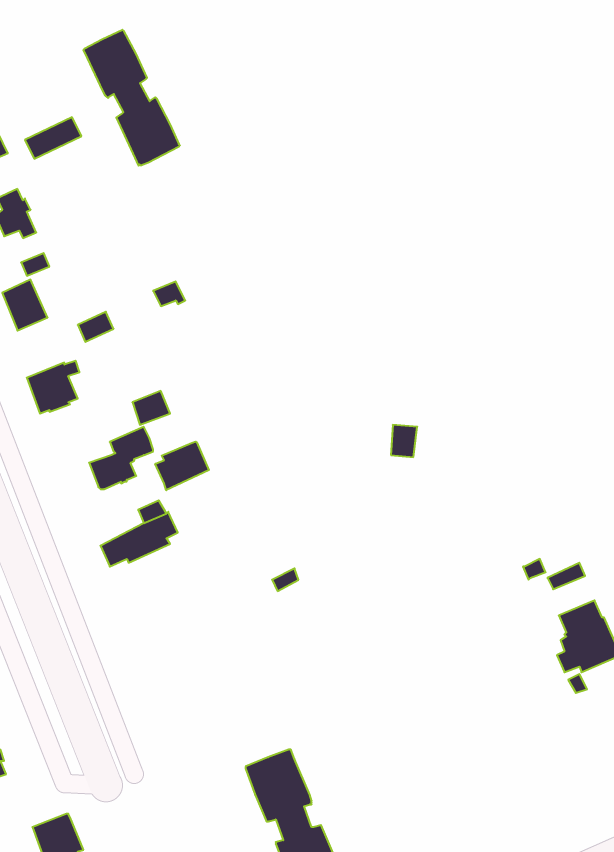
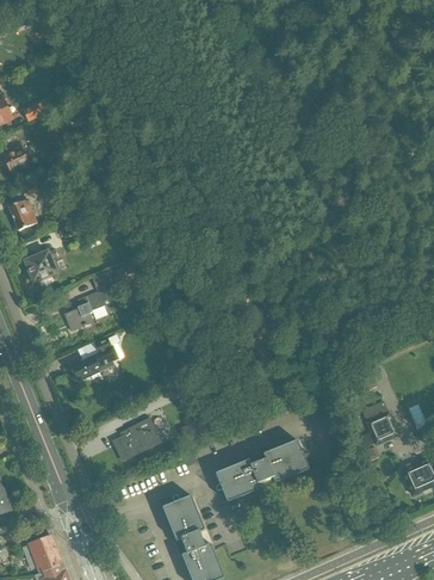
building: [83,30,180,166] -> none
building: [155,442,209,490] -> none
building: none -> [111,417,160,459]
building: none -> [215,438,309,501]

